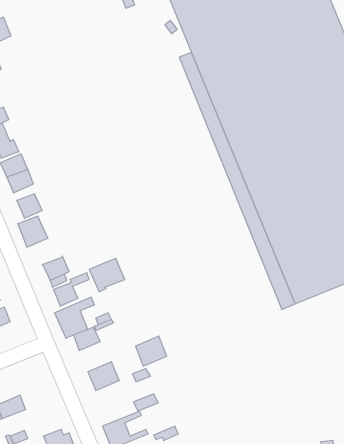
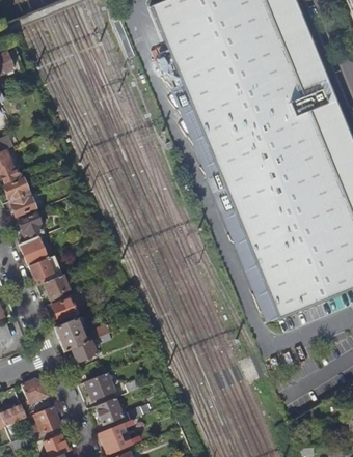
building: [89,258,125,292] -> [28,256,61,287]
building: [136,336,167,366] -> [96,397,125,425]
building: none -> [22,379,49,405]
building: none -> [33,406,61,433]

